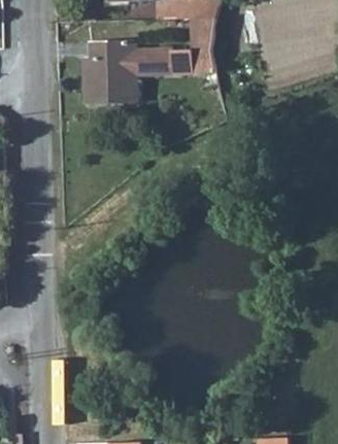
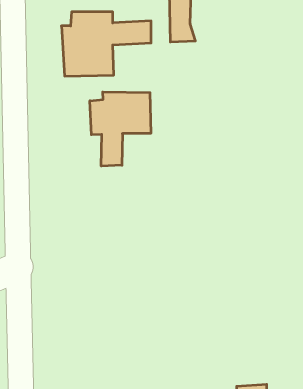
building: none -> [90,92,151,166]

